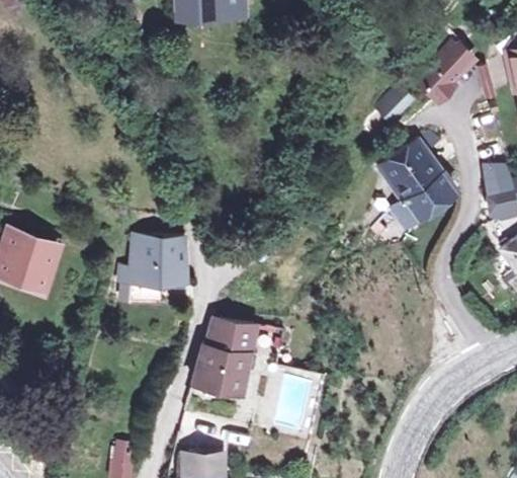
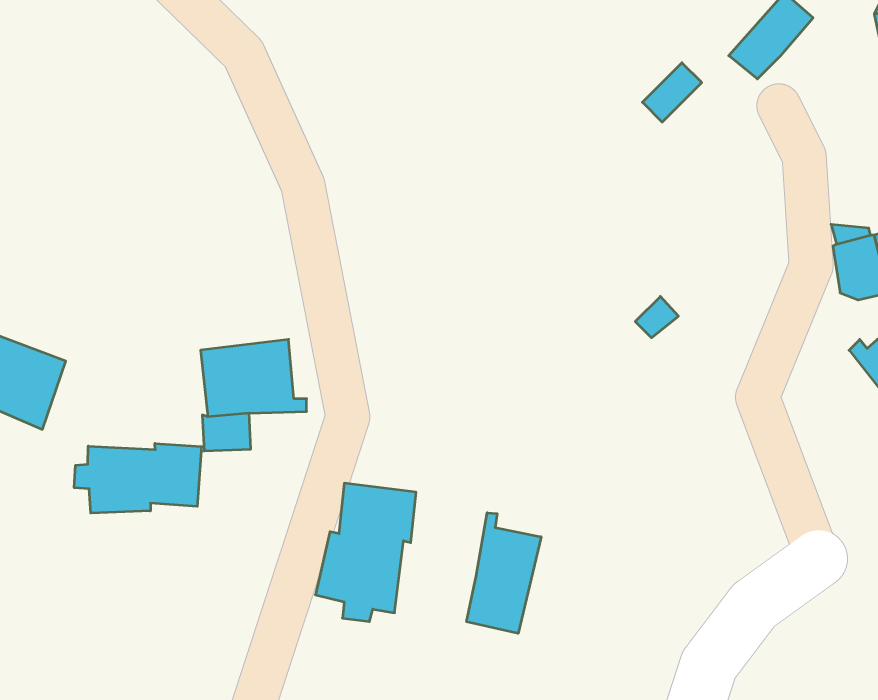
building: [378,143,455,228] -> none
building: none -> [74,443,202,513]
building: none -> [467,513,541,633]

